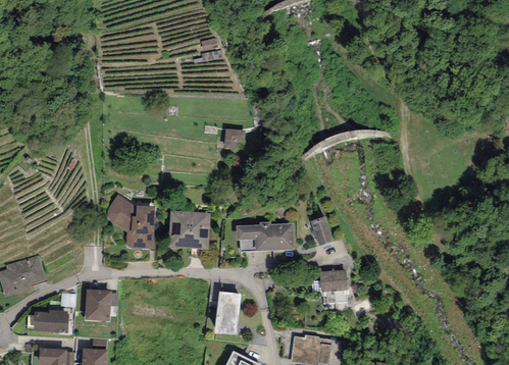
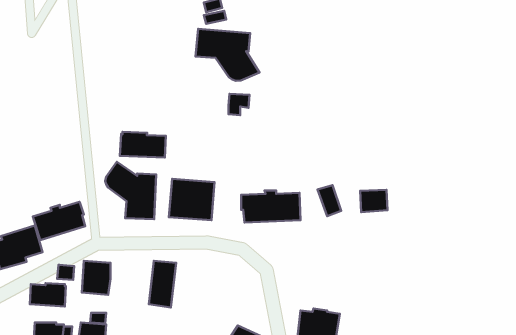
building: none -> [196,29,259,81]
building: none -> [120,132,166,158]
building: none -> [33,202,85,240]
building: [320,270,347,292] -> [360,190,388,212]
building: [214,291,241,335] -> [149,261,176,308]

